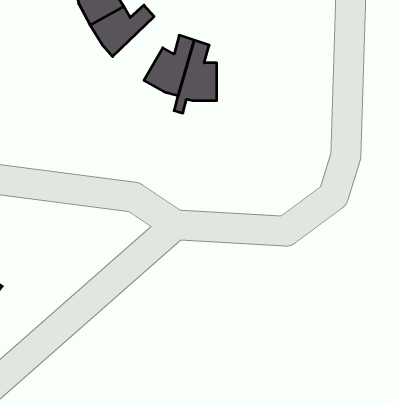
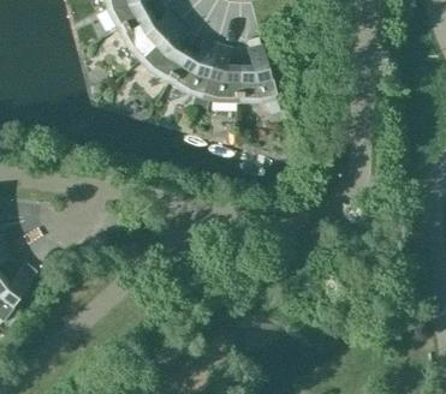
building: none -> [139,19,190,80]
building: none -> [239,43,276,101]

